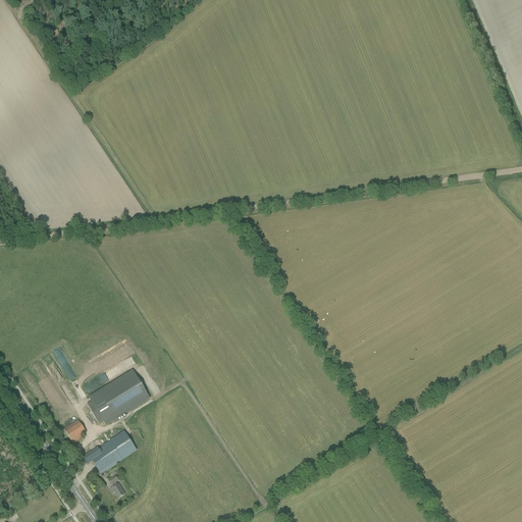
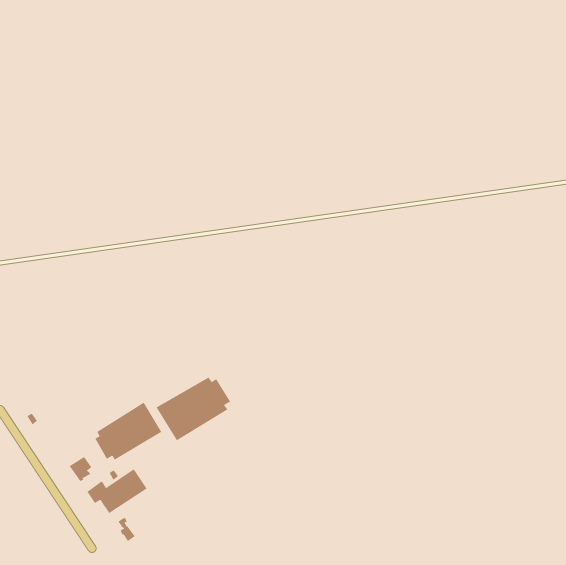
building: none -> [156,377,231,441]

